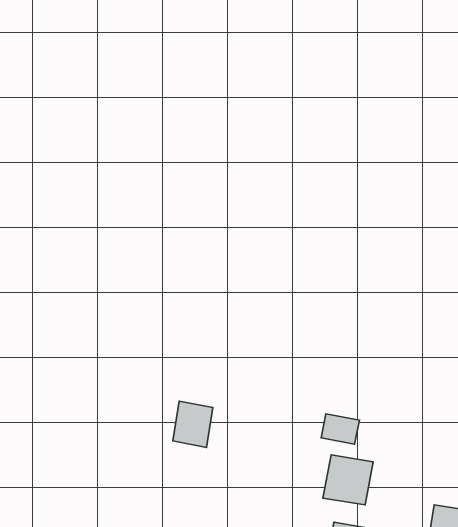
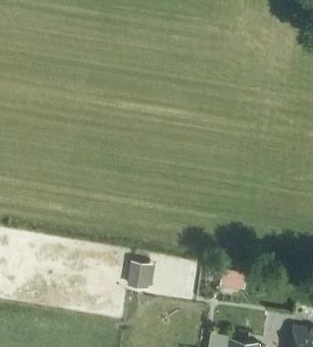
building: [323,455,373,505] -> none

